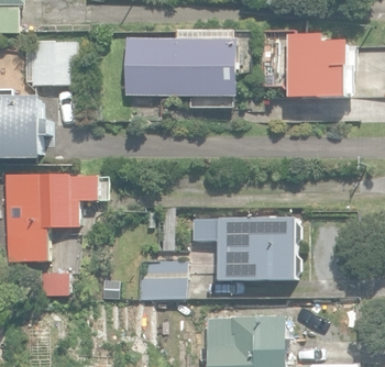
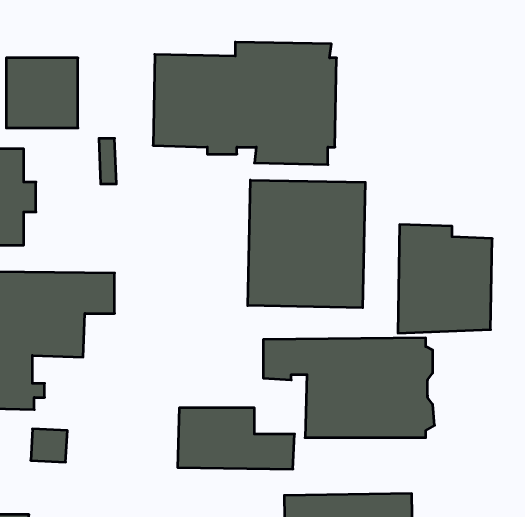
building: [288,32,348,100] -> [398,225,492,333]
building: none -> [248,180,365,308]

